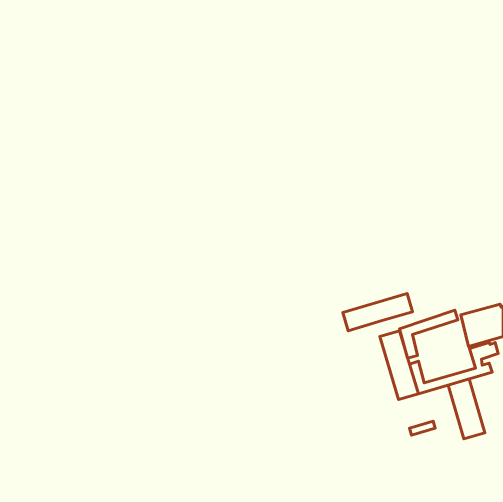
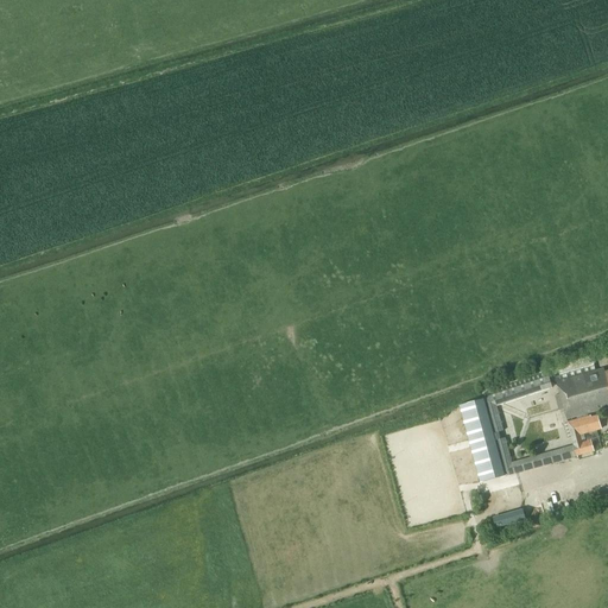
building: [343,294,412,331] -> none
building: [448,379,485,439] -> none

